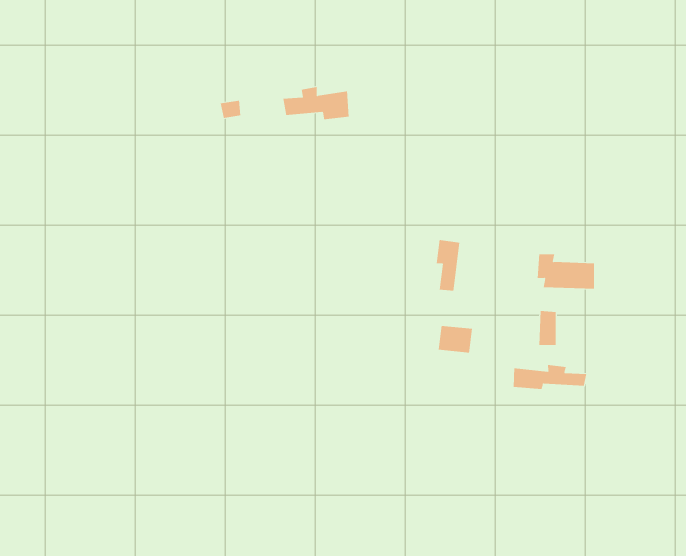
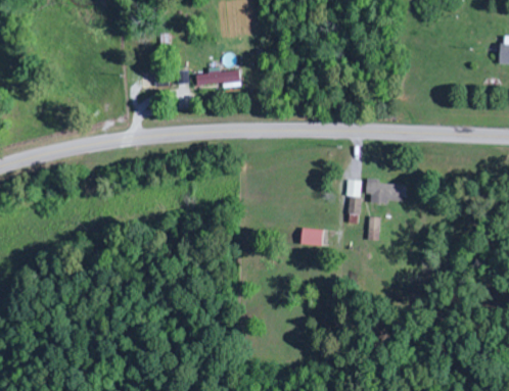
building: [436,239,460,291] -> [346,180,363,214]
building: [513,364,587,390] -> none

